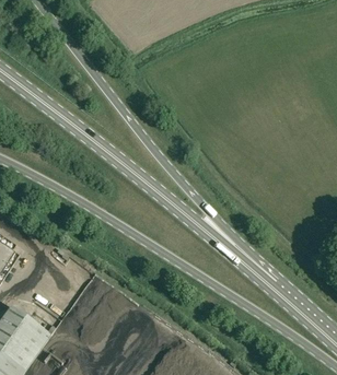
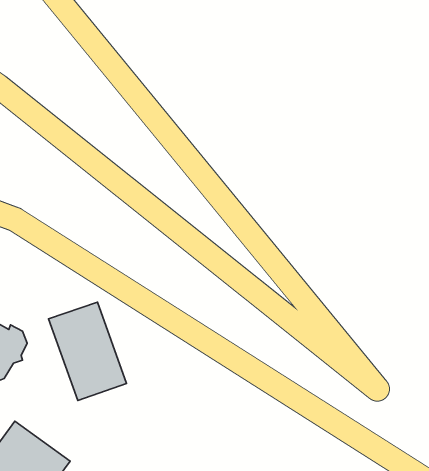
building: none -> [49,302,126,401]

